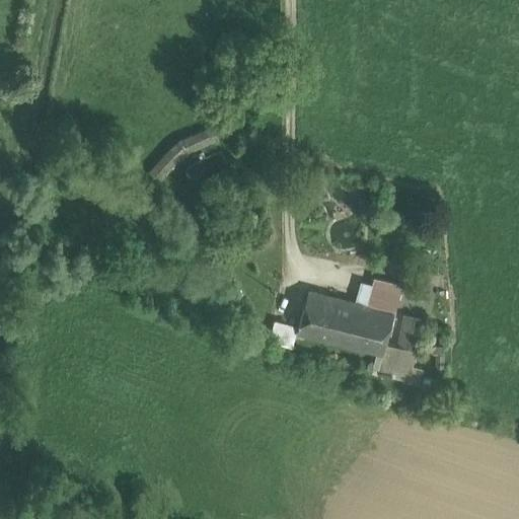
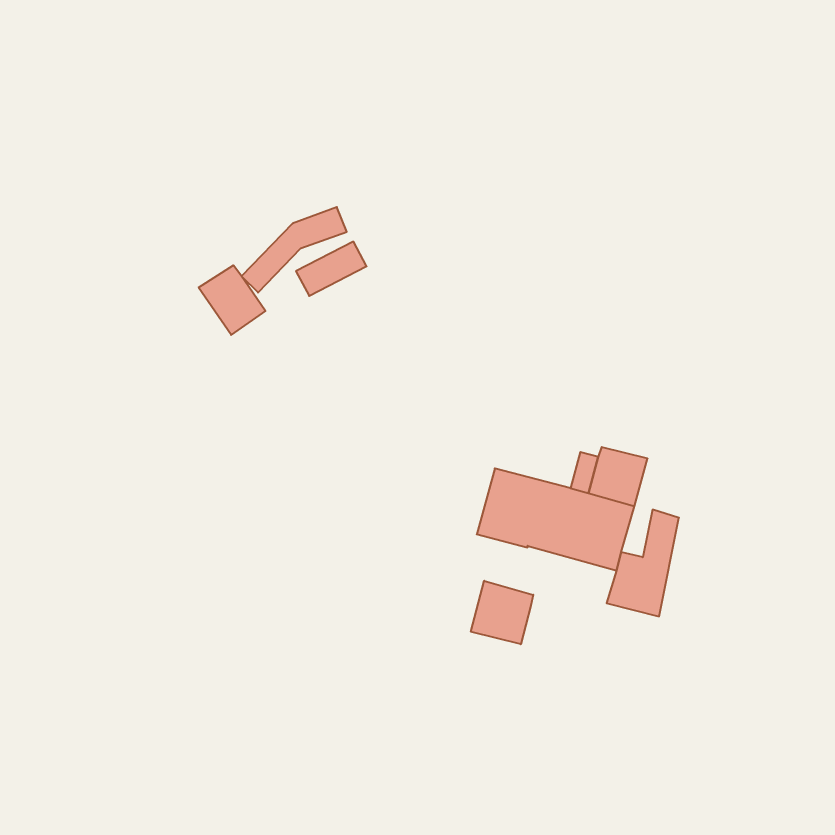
building: none -> [199,265,265,335]
building: none -> [471,581,533,644]

